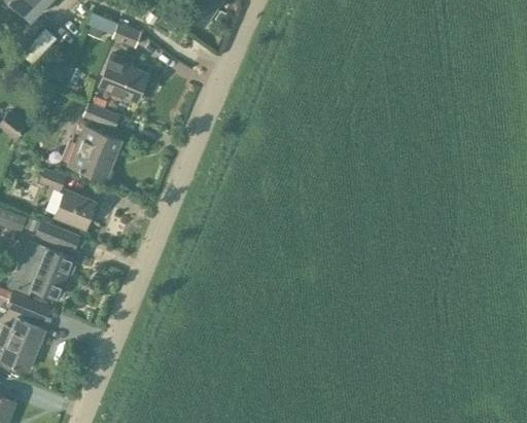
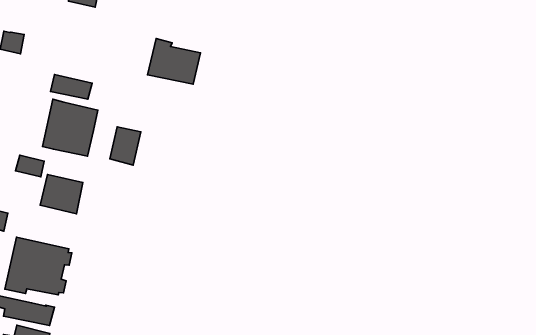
building: [99,56,149,102] -> [147,38,201,84]
building: none -> [110,127,141,165]
building: [35,221,80,252] -> none

